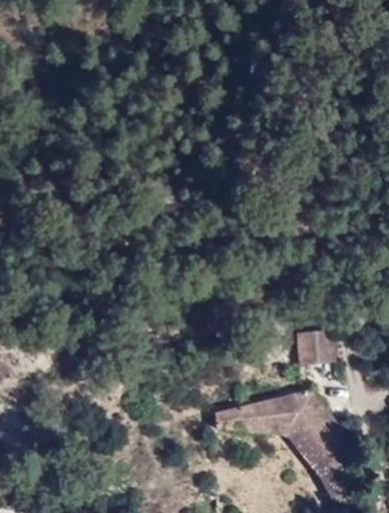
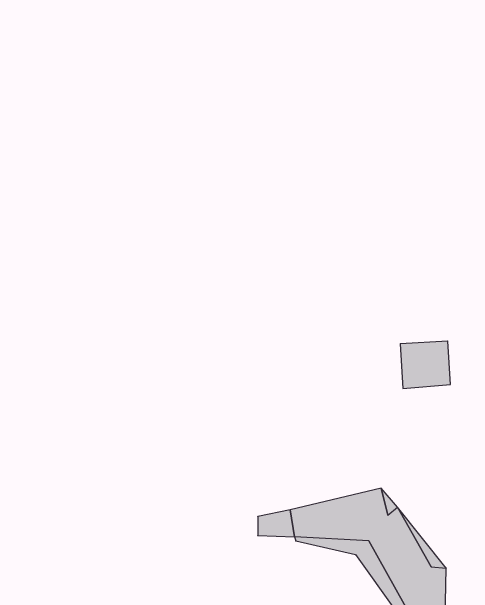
building: [296,328,333,363] -> [400,341,450,388]

